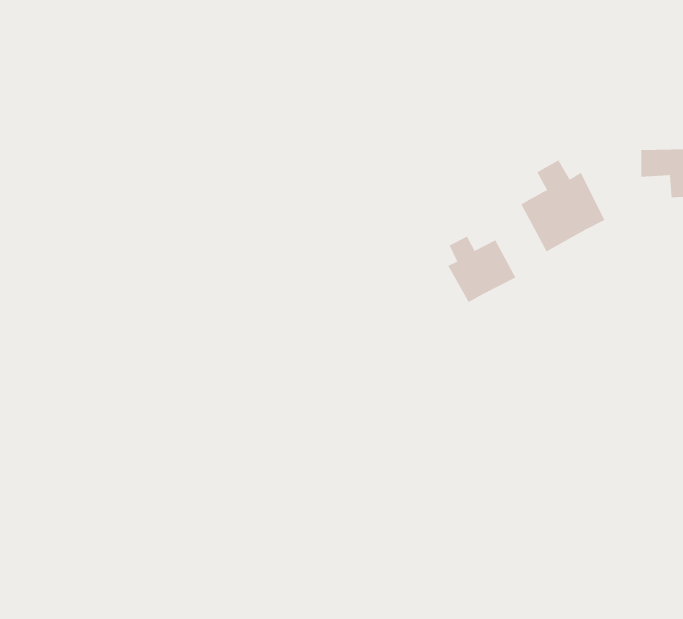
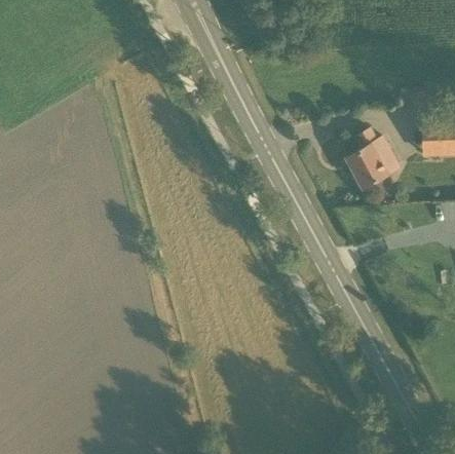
building: [447,236,516,303] -> none

